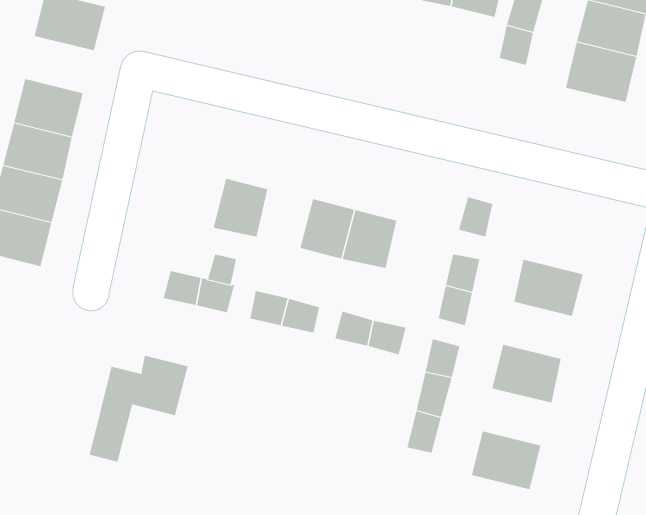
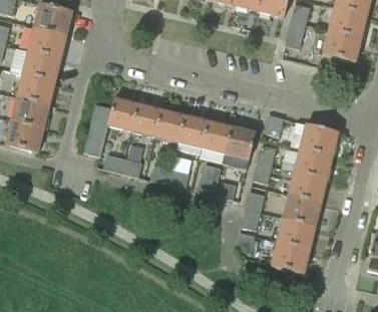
building: none -> [28,26,66,57]
building: none -> [154,109,184,141]
building: none -> [299,123,338,155]
building: none -> [223,126,256,169]
building: none -> [288,171,326,202]
building: [89,355,188,462] -> [83,97,137,155]
building: none -> [277,218,315,249]

